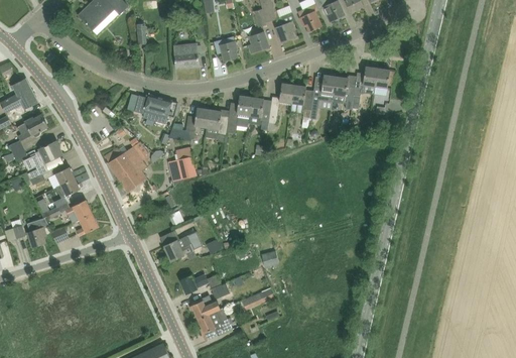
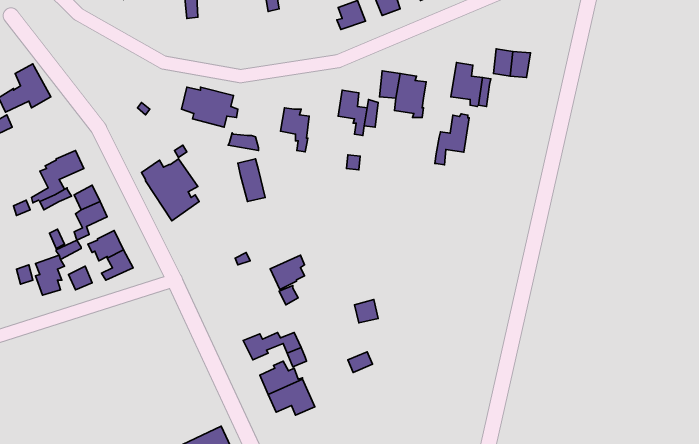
building: [213,36,238,61] -> none
building: [173,43,199,69] -> none
building: [310,74,336,111] -> [435,114,469,165]
building: [226,96,252,133] -> none
building: [185,108,210,139] -> none
building: [8,115,47,160] -> none
building: [164,236,189,261] -> [270,255,305,290]

